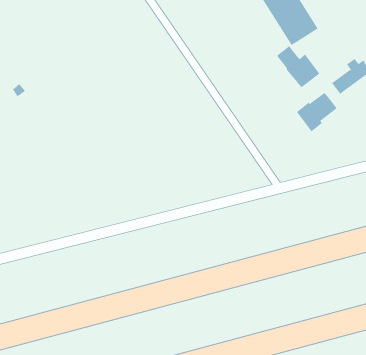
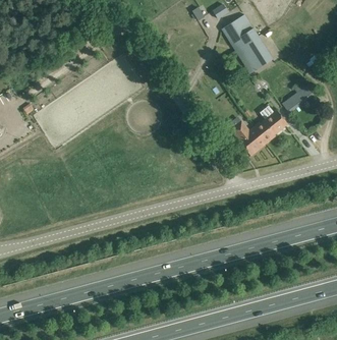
building: [276,46,320,88] -> [230,120,266,155]

